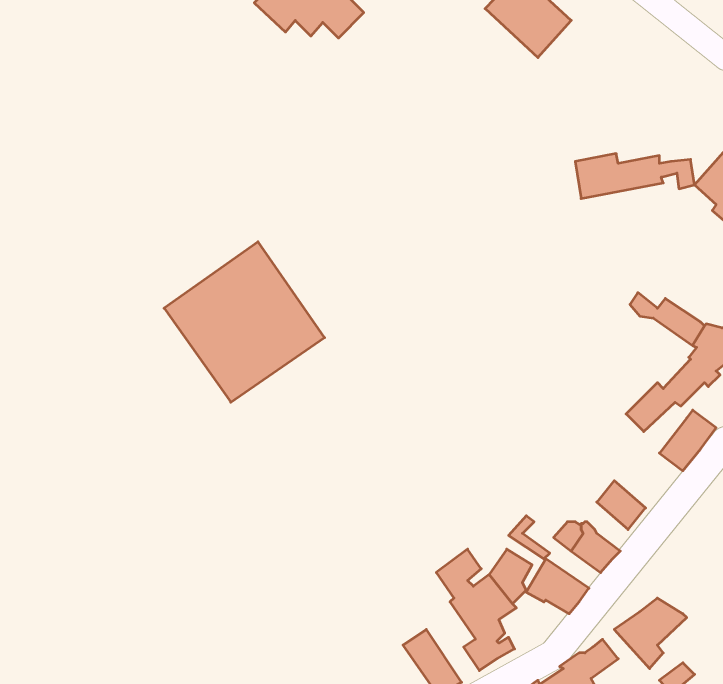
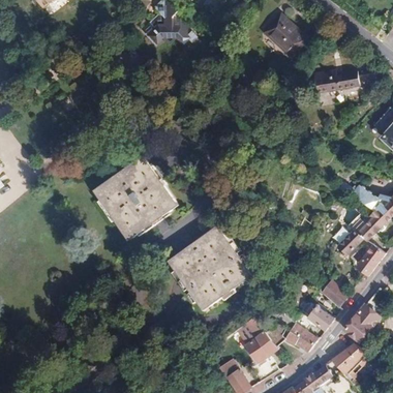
building: [575,154,695,199] -> [313,70,376,94]
building: none -> [168,225,252,310]
building: none -> [345,305,379,340]

